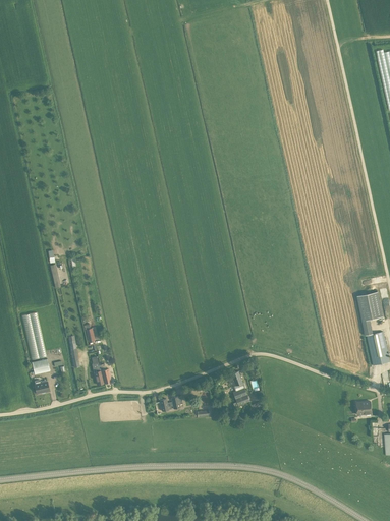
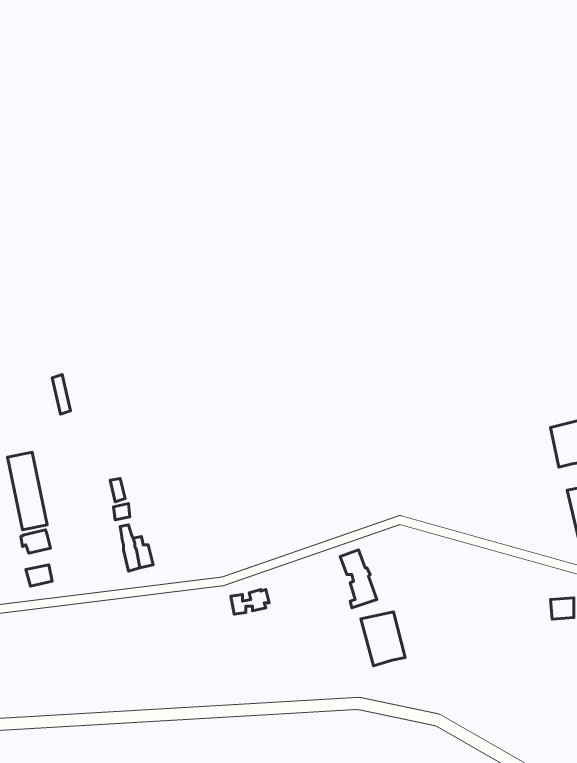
building: none -> [361,612,405,666]

